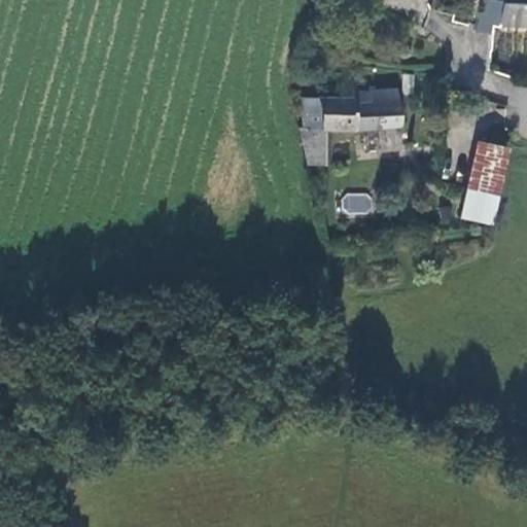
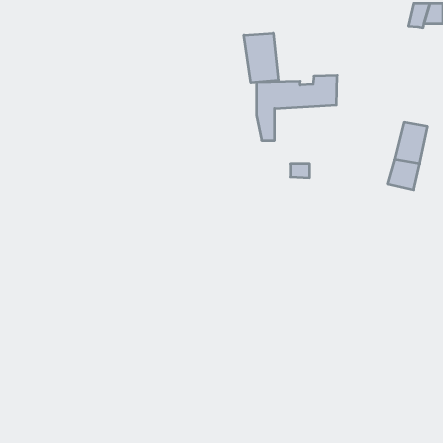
building: none -> [244,33,278,83]

